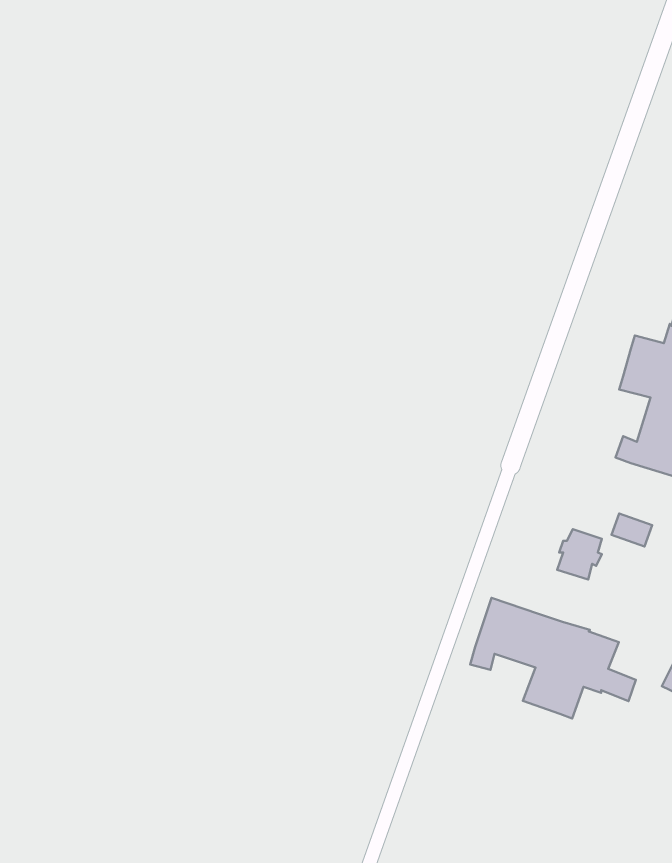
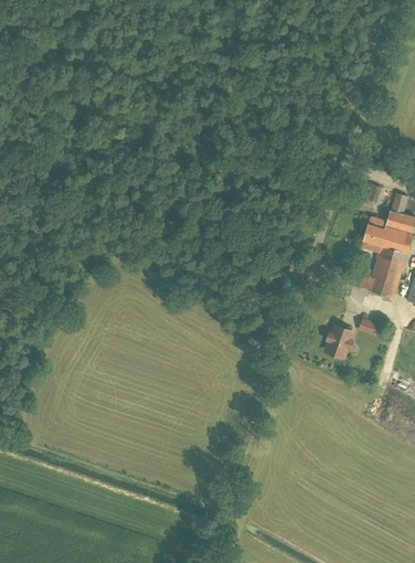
building: [470,598,636,718] -> none

